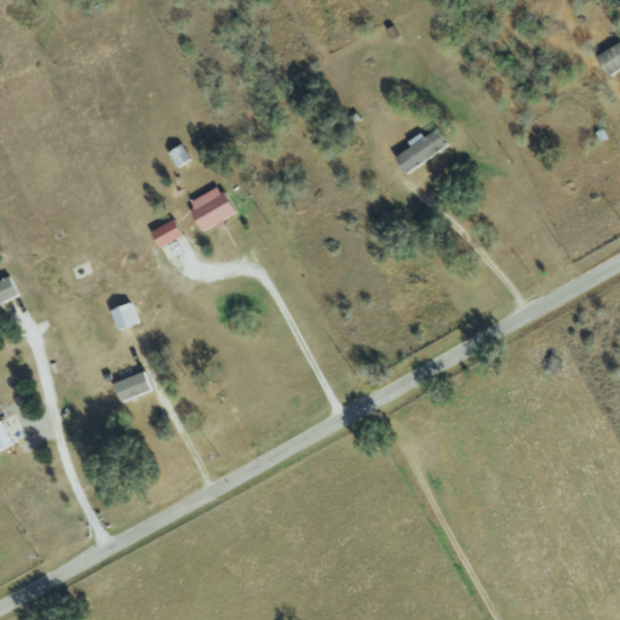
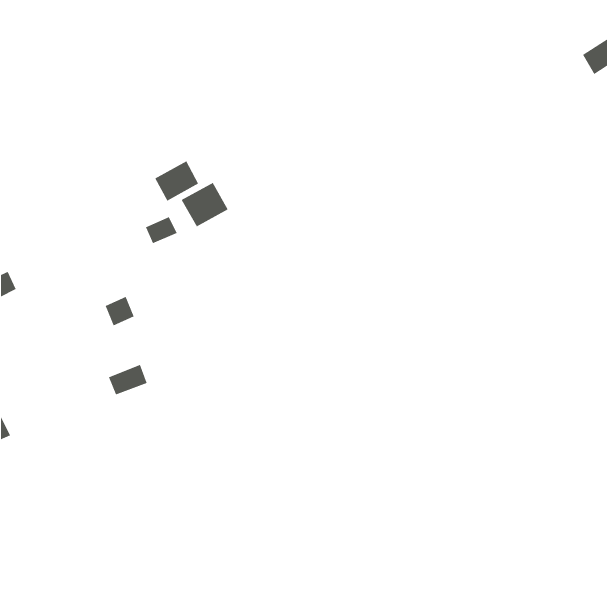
building: [392,128,448,174] -> none
building: none -> [154,161,199,201]

